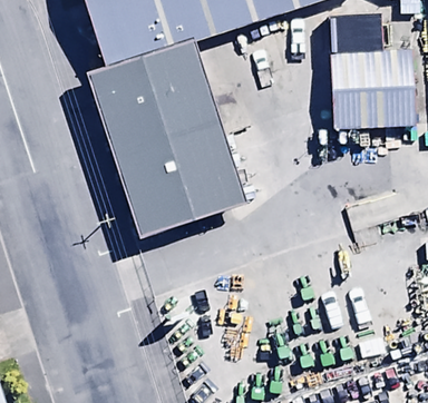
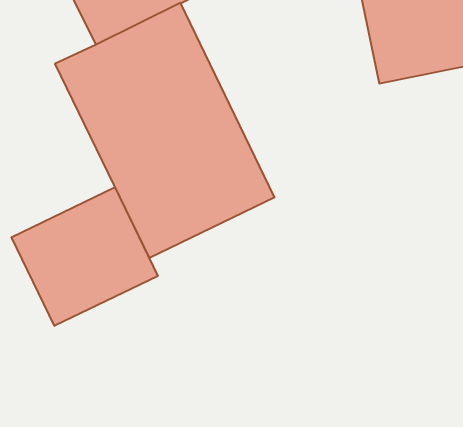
building: none -> [12,187,158,326]

